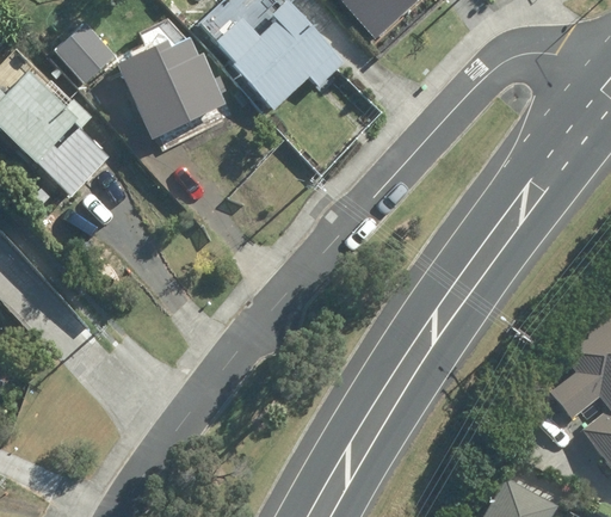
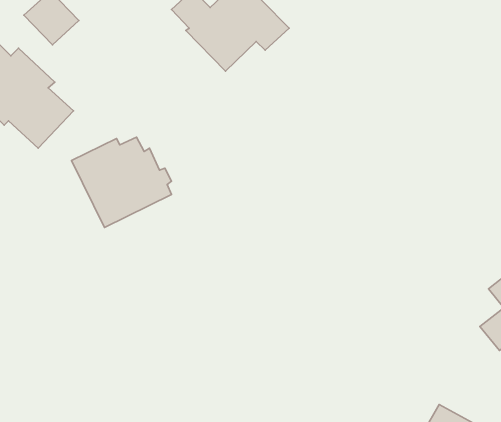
building: [116,44,224,142] -> [71,137,172,227]

